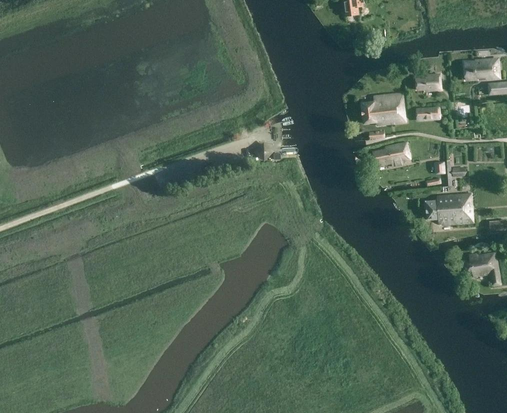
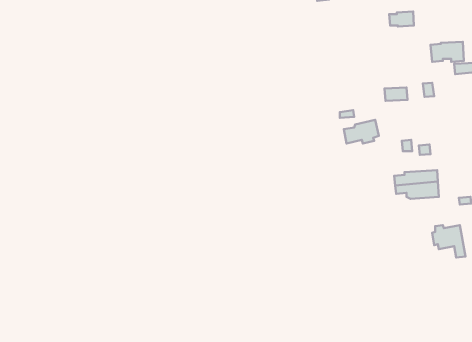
building: [415,74,441,90] -> [389,11,414,27]
building: [361,93,404,124] -> none

